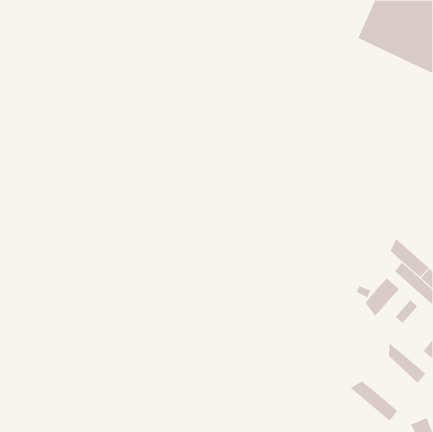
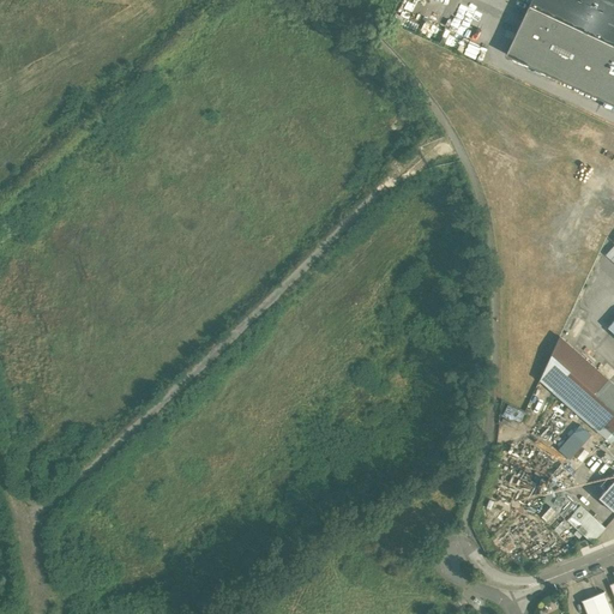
building: [365,278,400,316] -> none
building: [349,380,398,422] -> none

